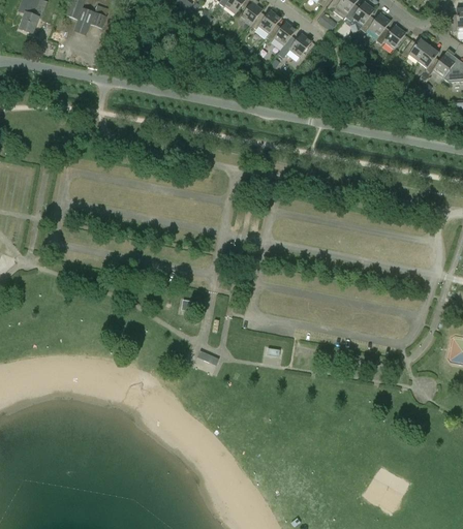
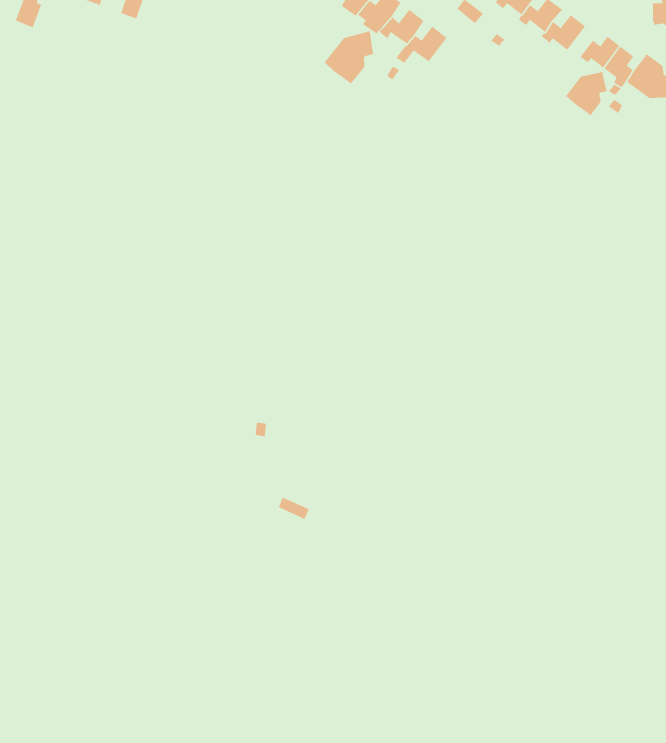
building: none -> [324,30,374,85]
building: none -> [565,71,608,116]

